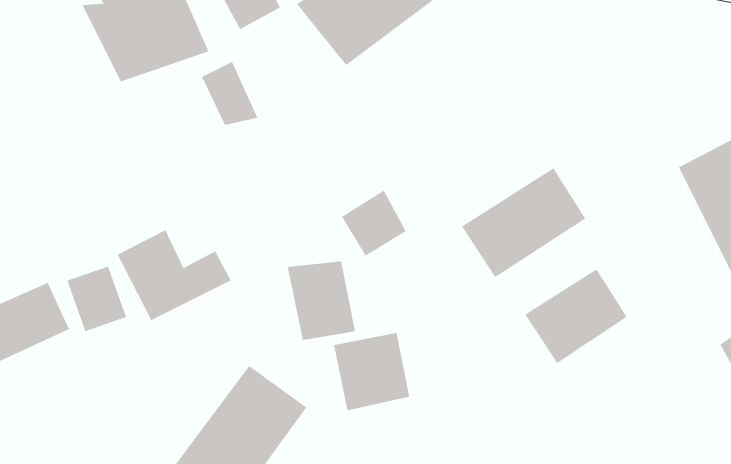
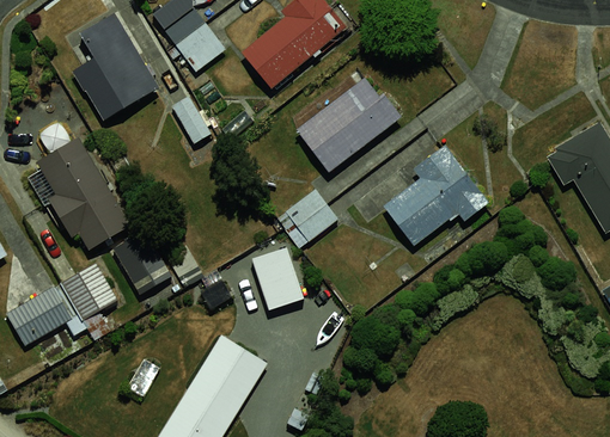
building: none -> [292,66,410,176]
building: none -> [29,133,138,257]
building: [524,268,628,364] -> none
building: [333,332,410,411] -> none

